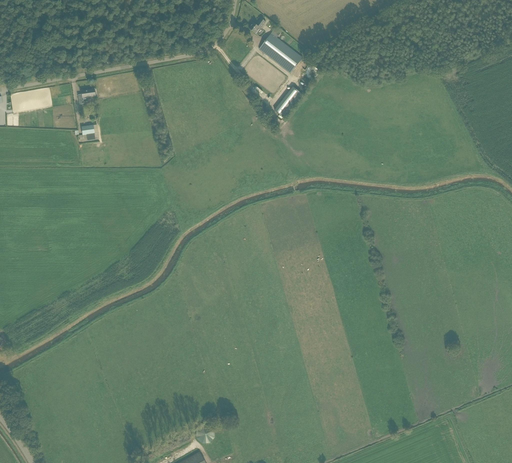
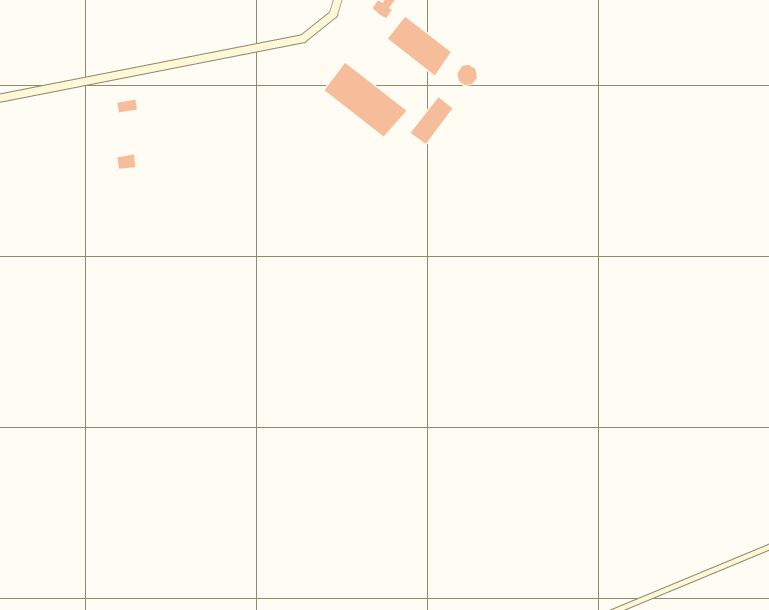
building: none -> [324,62,407,138]

